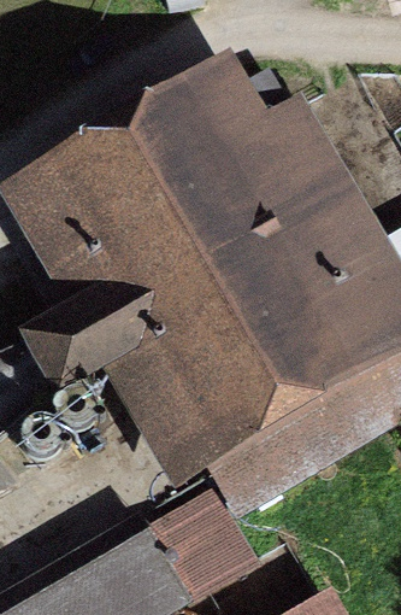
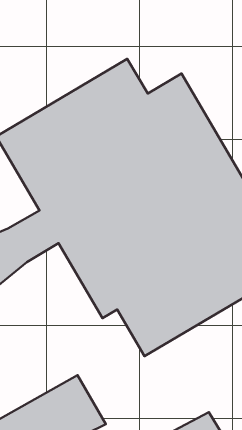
building: [148,493,248,598] -> none

